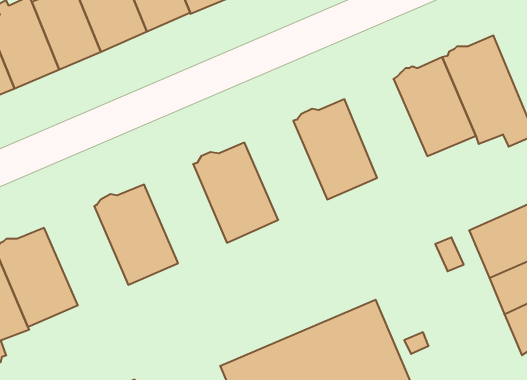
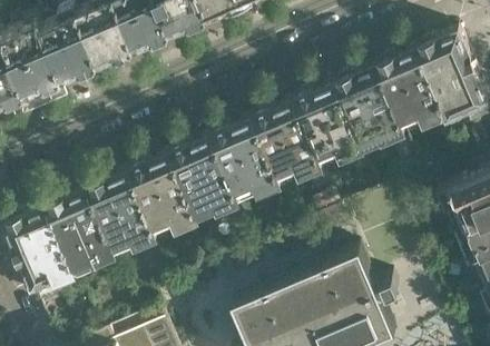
building: none -> [335,72,403,154]
building: none -> [253,107,321,188]
building: none -> [170,142,238,224]
building: none -> [88,177,157,258]

